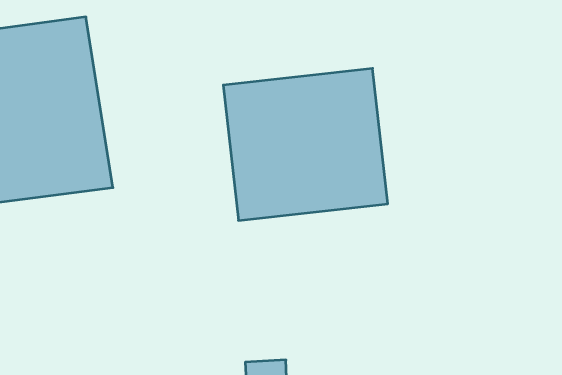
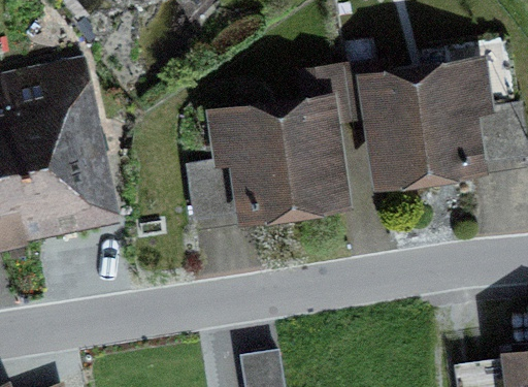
building: none -> [360,59,493,189]

